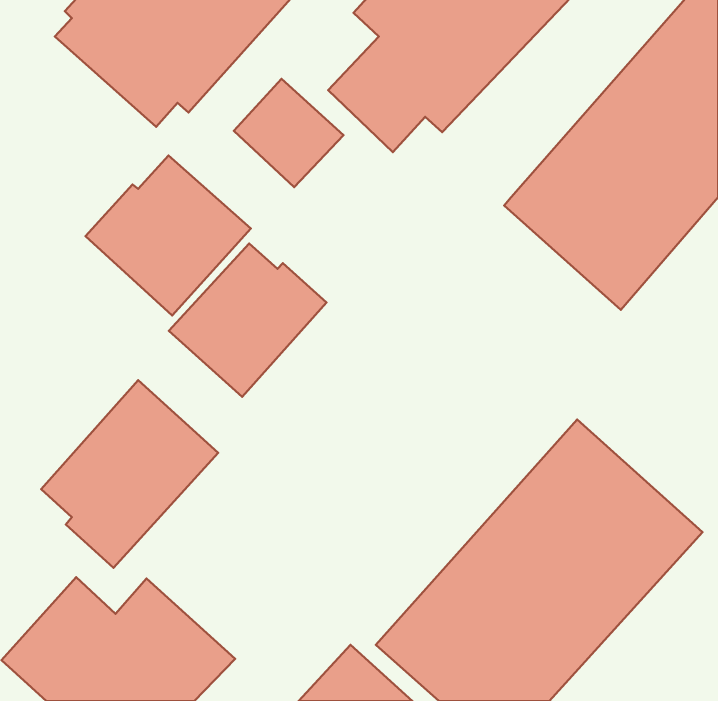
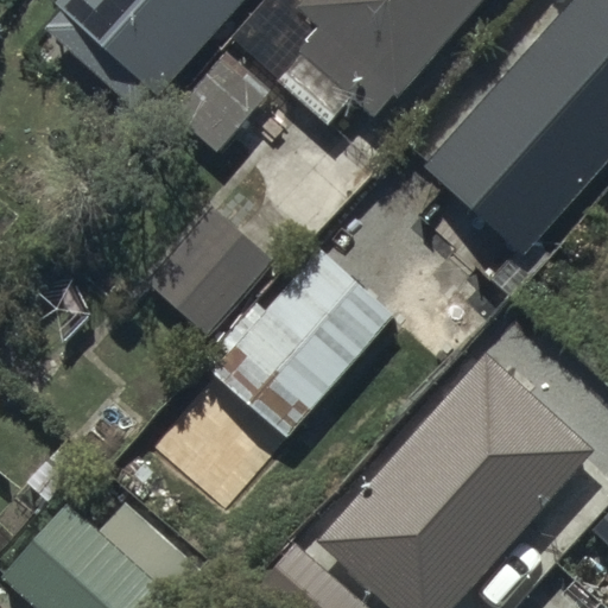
building: [86,156,251,315] -> none
building: none -> [211,242,397,437]
building: [41,380,218,568] -> none

